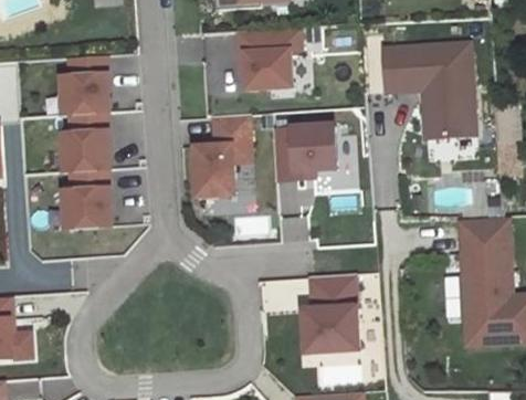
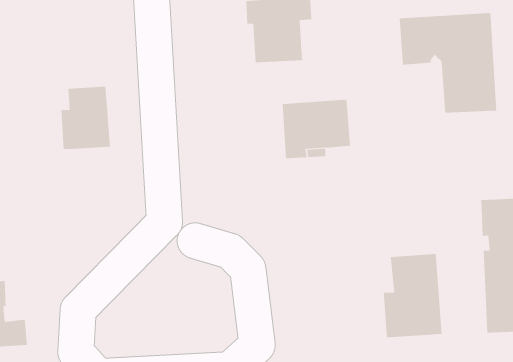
building: [62,55,109,116] -> none
building: [193,114,252,199] -> none
building: [64,170,111,230] -> none
building: [303,274,359,354] -> [383,253,442,338]

